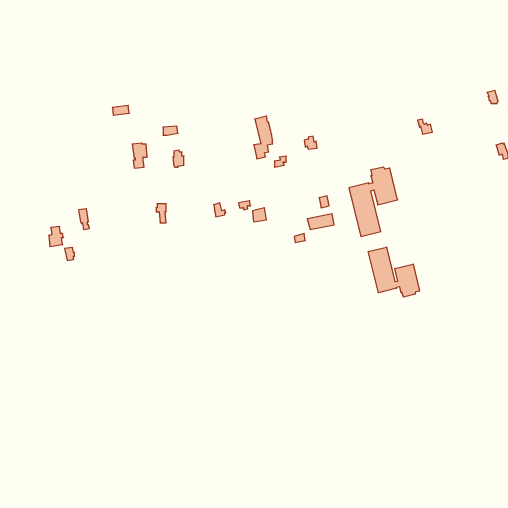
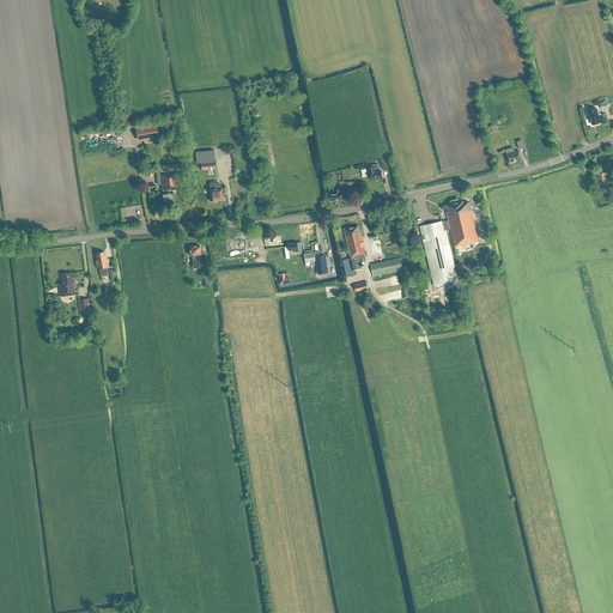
building: [254,116,273,159] -> [342,225,365,277]
building: [368,247,420,297] -> none

